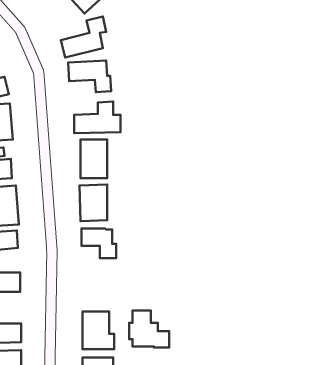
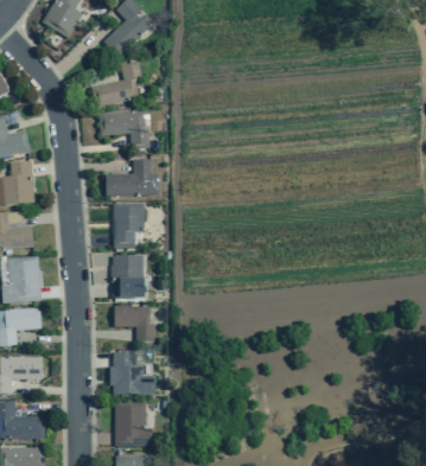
building: [129,311,169,347] -> [109,352,155,395]

